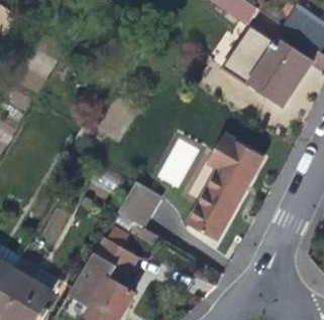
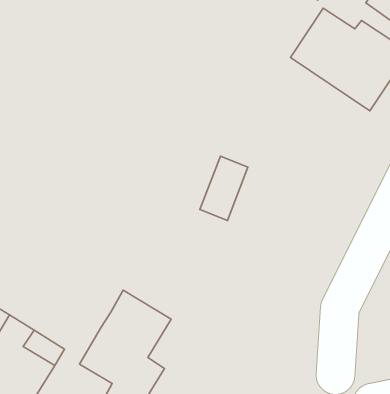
building: [189,132,261,237] -> none
building: [117,181,158,225] -> none

